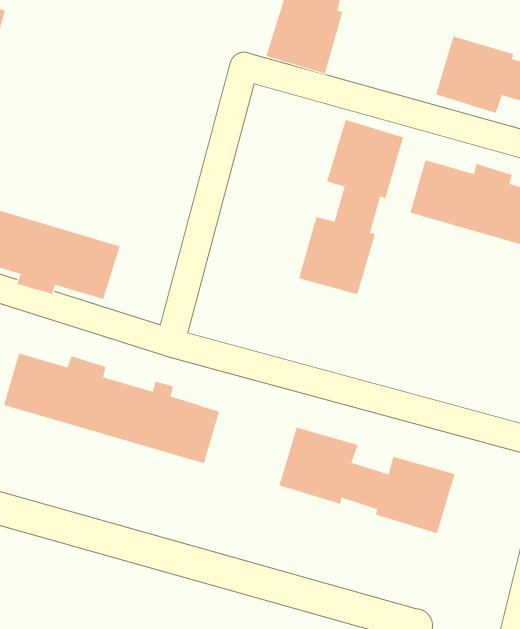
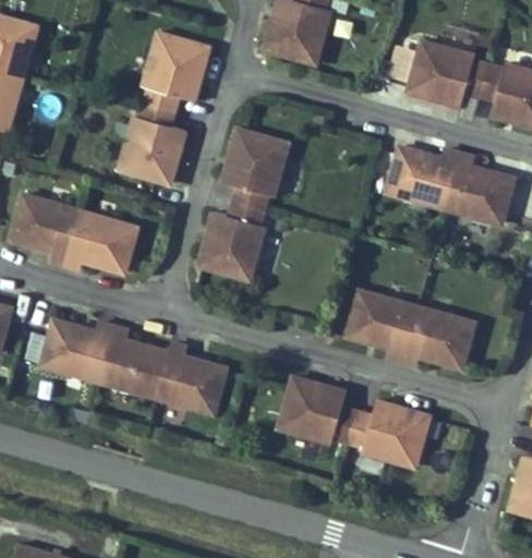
building: none -> [121,29,211,180]
building: [298,119,404,295] -> [198,126,289,277]
building: none -> [344,293,472,372]

